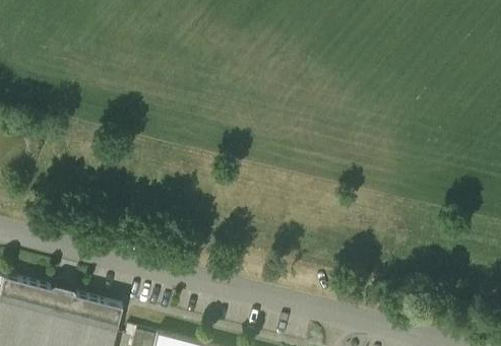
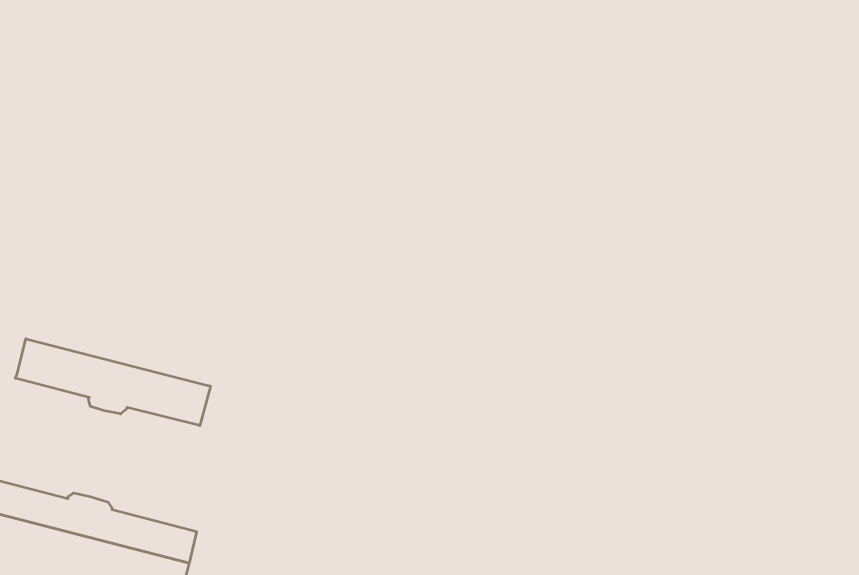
building: none -> [15,339,210,426]

